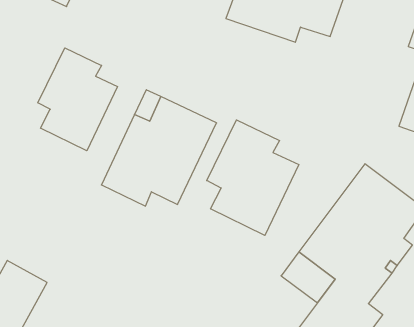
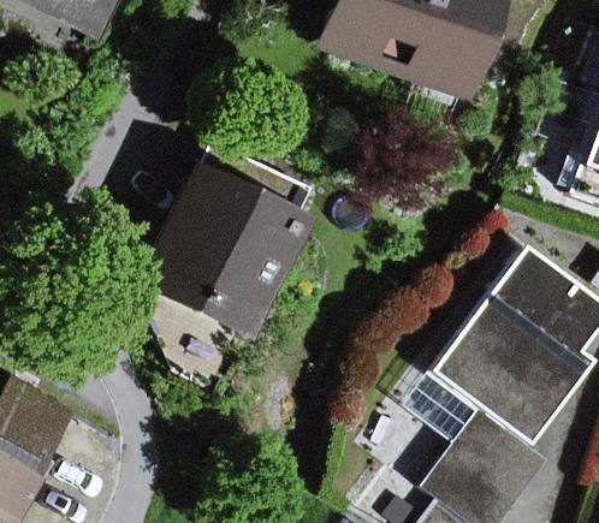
building: [38,48,117,151] -> none
building: [207,120,299,235] -> none

